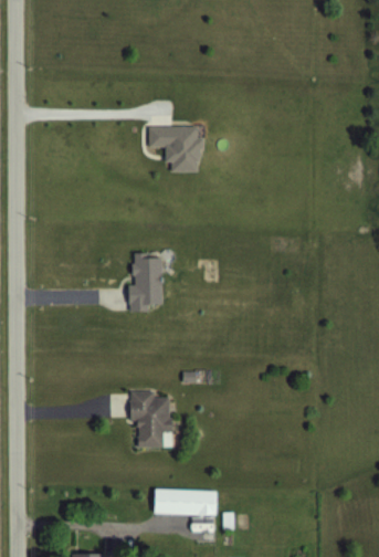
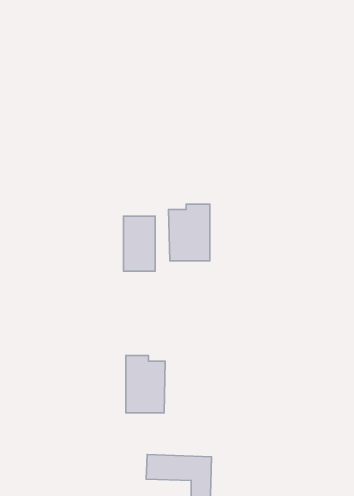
building: [148,127,200,171] -> none
building: none -> [169,204,210,261]

